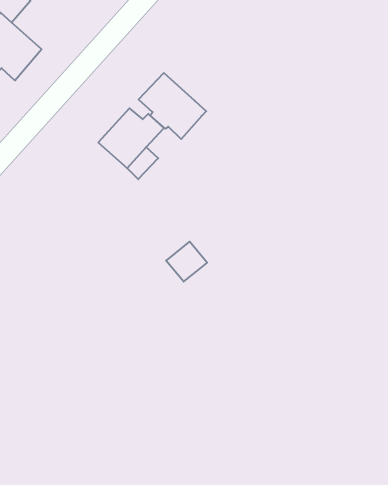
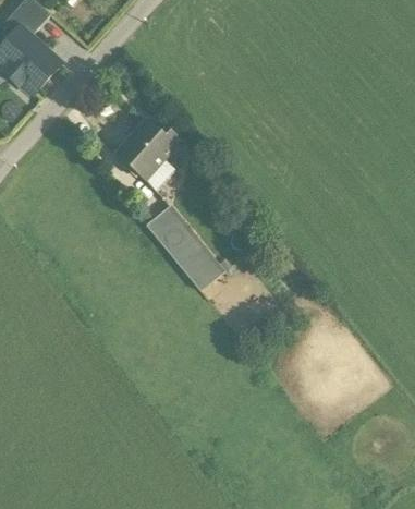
building: [139,73,206,139] -> none
building: none -> [146,205,206,269]

